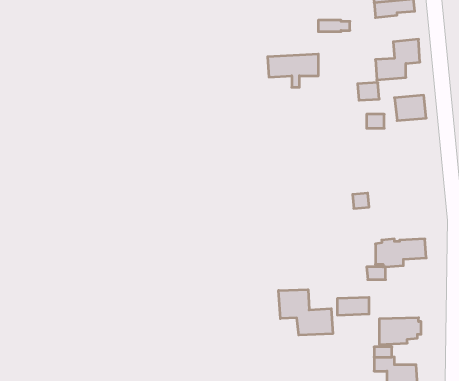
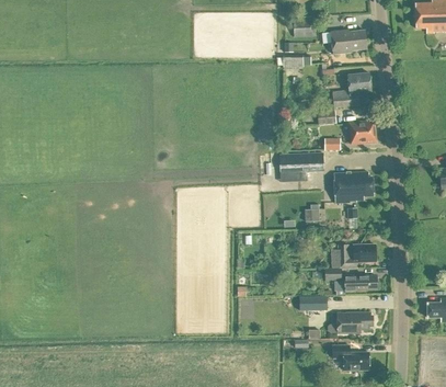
building: [268,54,318,87] -> [279,151,323,180]
building: none -> [334,172,373,203]
building: none -> [335,275,377,294]
building: [279,290,333,335] -> none

